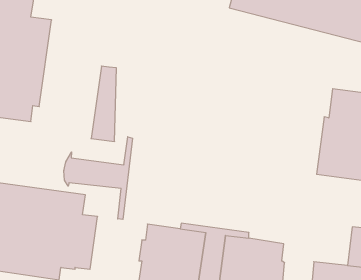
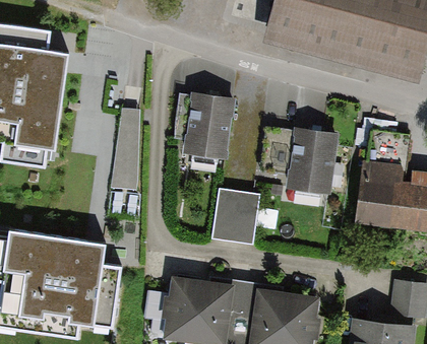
building: none -> [175,90,234,158]
building: none -> [264,123,338,192]
building: [64,137,133,219] -> none
building: none -> [212,188,260,243]

